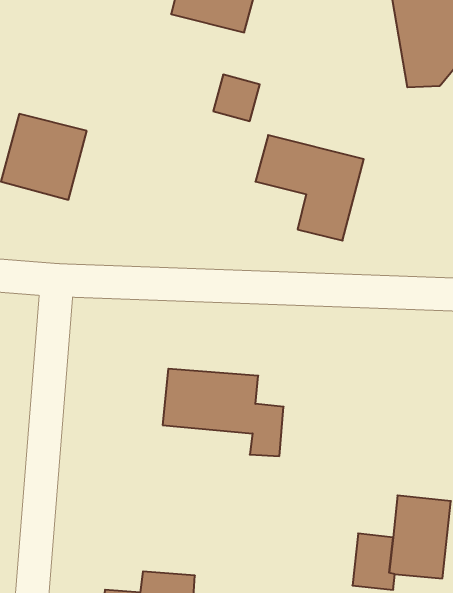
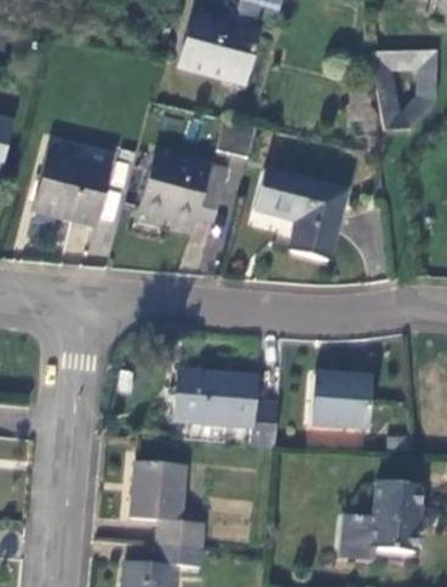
building: none -> [141,151,227,224]
building: none -> [310,373,371,427]
building: none -> [130,459,204,548]

